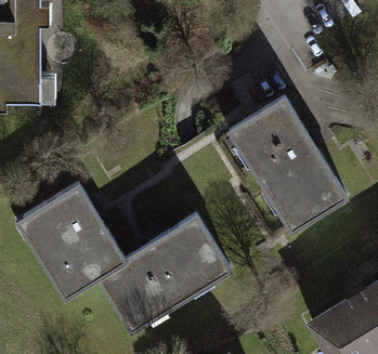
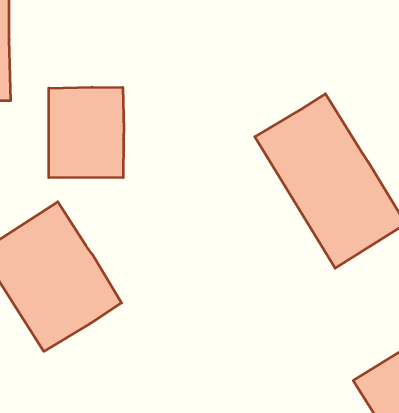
building: none -> [49,87,124,178]
building: [103,217,233,330] -> none

